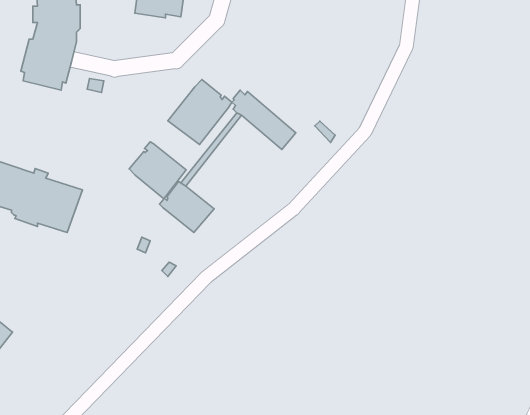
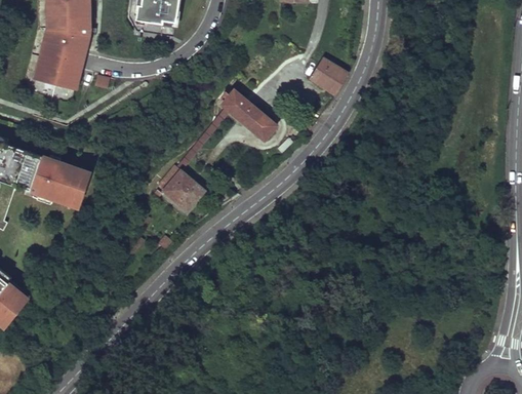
building: none -> [309,56,347,93]
building: [168,80,232,145] -> none
building: [129,142,186,199] -> none

